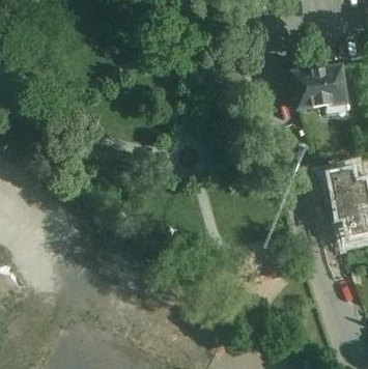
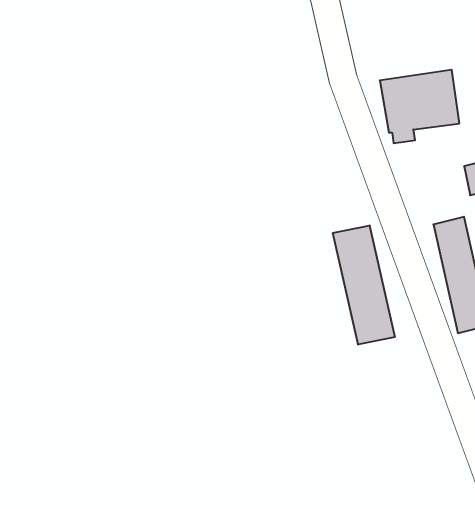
building: none -> [333,225,395,345]

